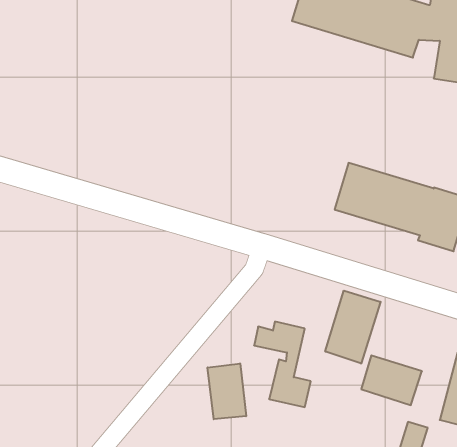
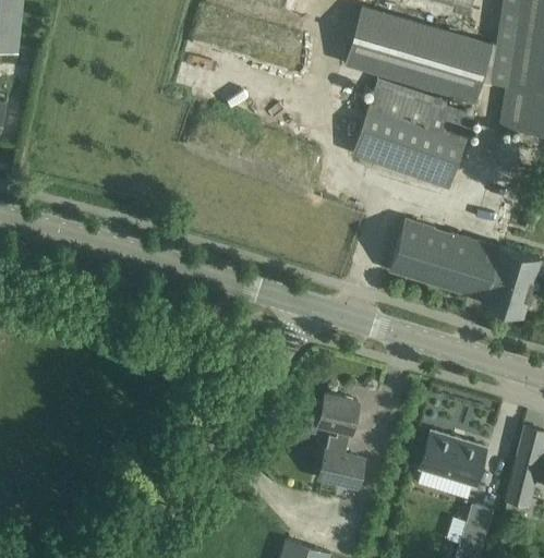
building: none -> [354,81,474,189]
building: [325,291,381,364] -> none
building: [208,363,246,419] -> none

